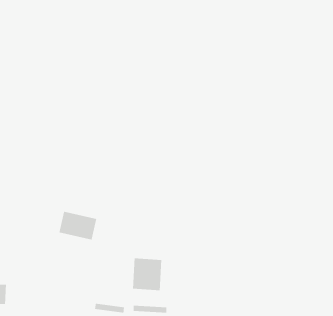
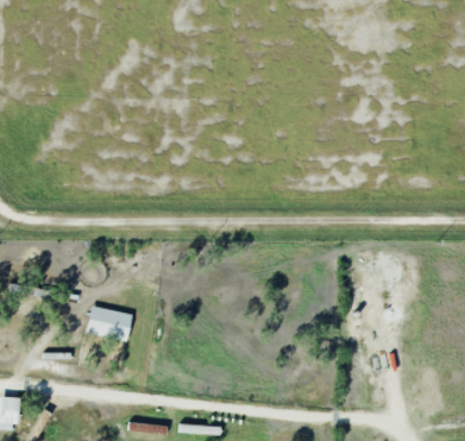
building: [132,258,162,291] -> none

